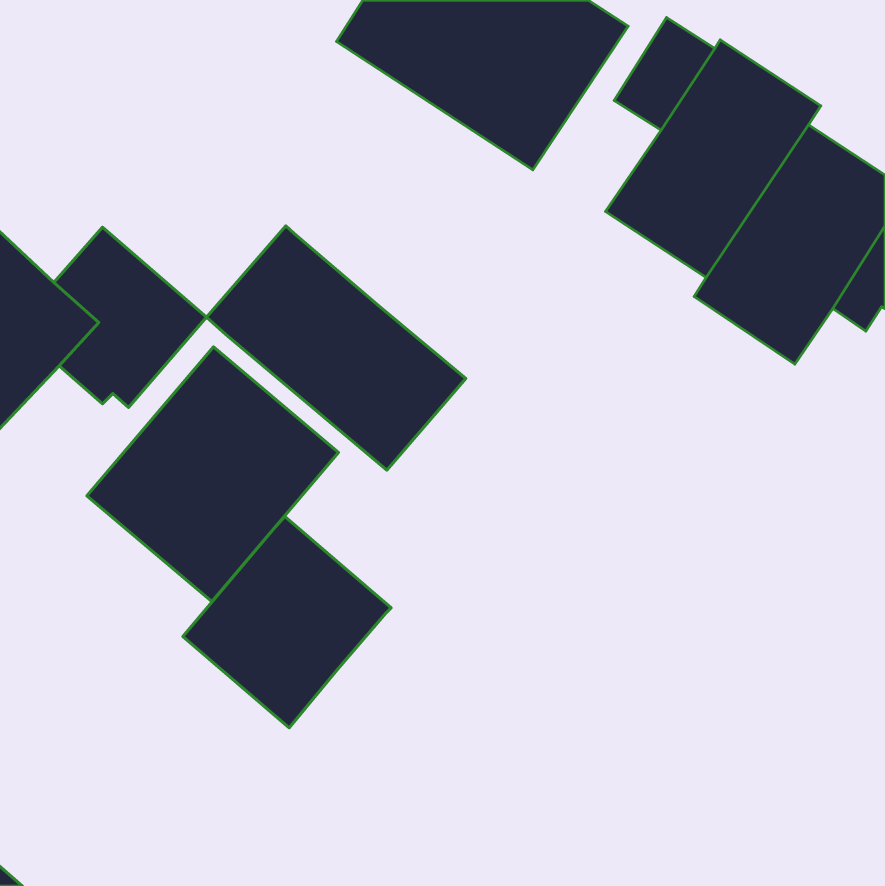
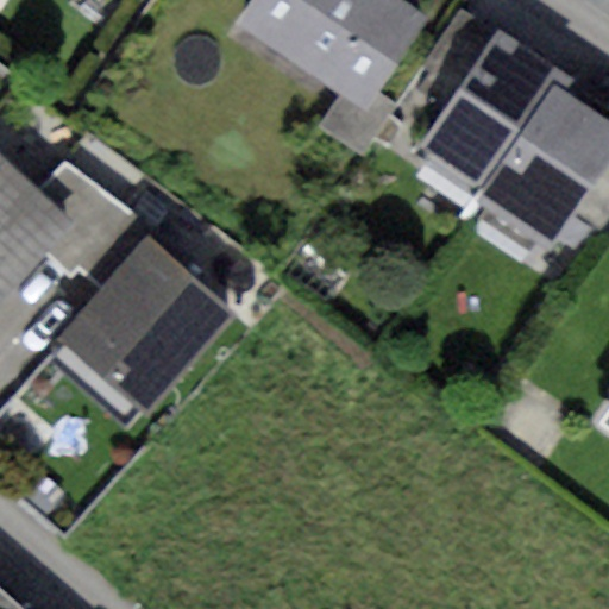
building: [206,226,466,470] -> none
building: [183,517,391,728] -> none

